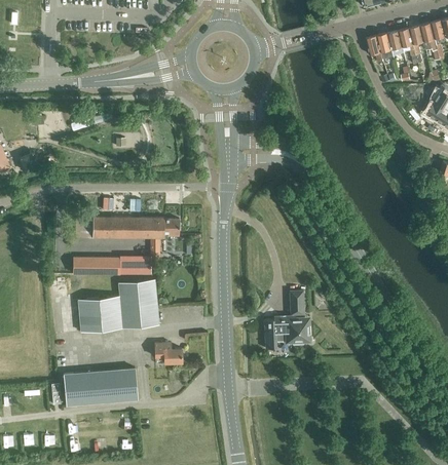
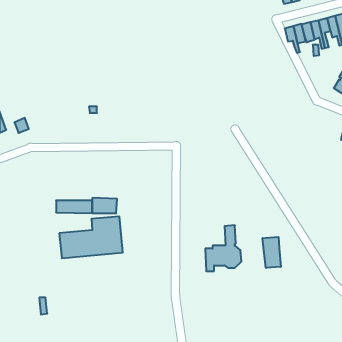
building: [75,217,179,238] -> none
building: none -> [263,237,281,268]
building: [157,343,182,363] -> none
building: [63,369,137,405] -> none

